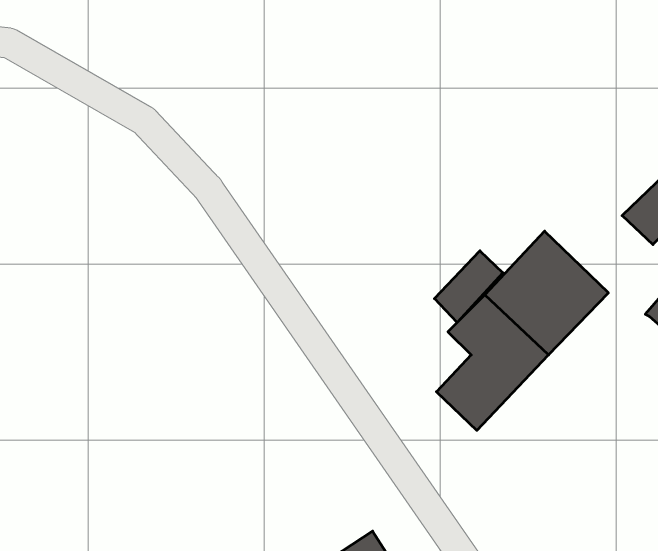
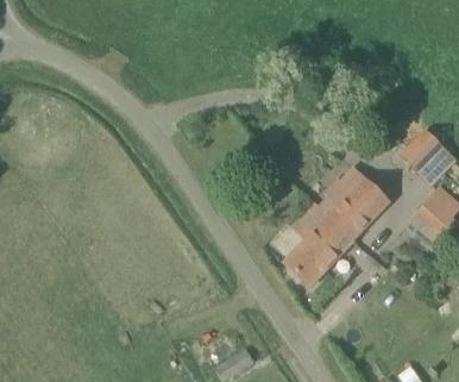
building: [434,251,503,322] -> none

